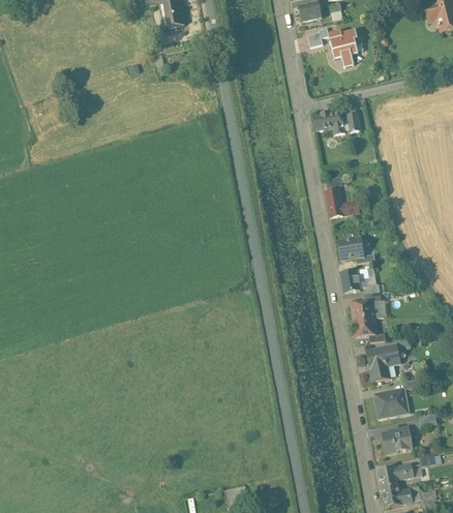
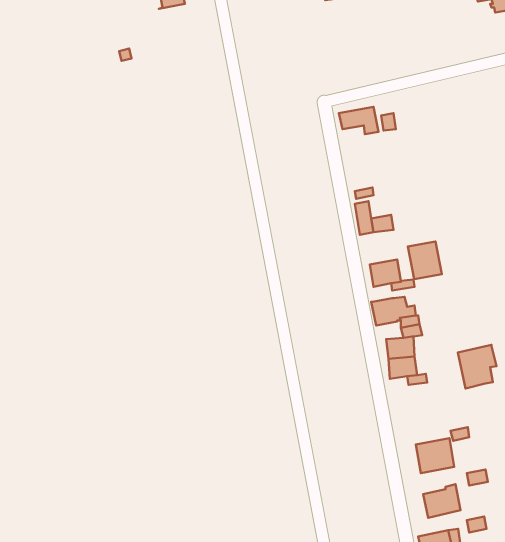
building: [306,28,362,67] -> none
building: none -> [408,242,442,279]
building: [366,345,398,382] -> [458,345,496,388]

